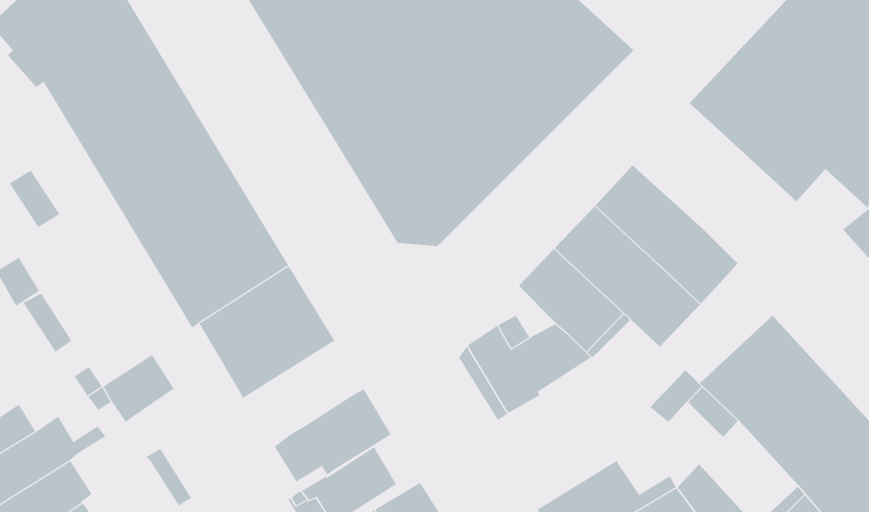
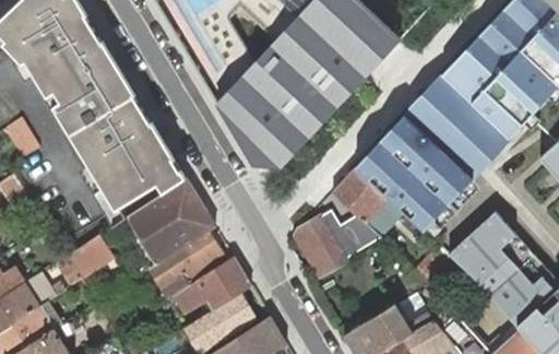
building: none -> [405,75,510,178]
building: none -> [148,233,226,299]

